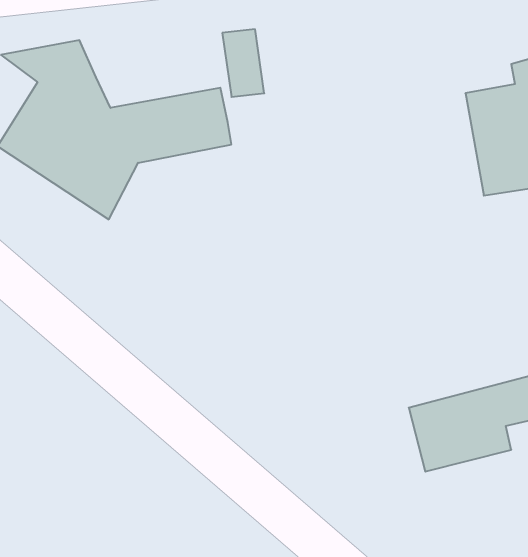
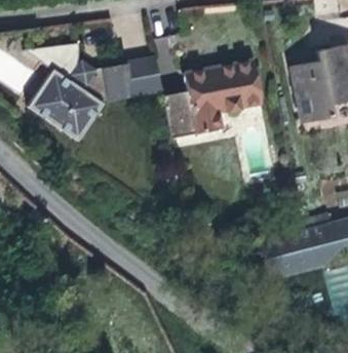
building: none -> [157,62,261,138]

